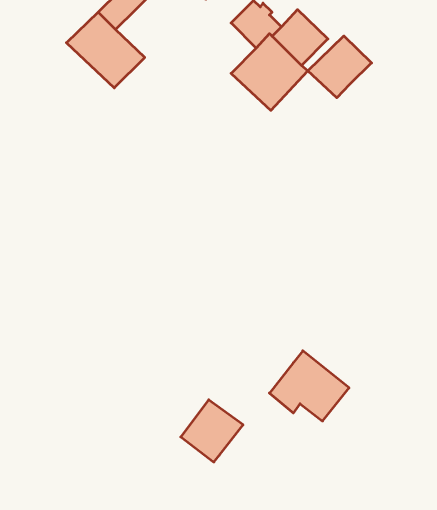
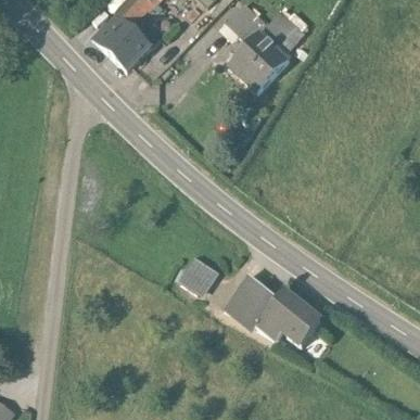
building: [308,36,372,98] -> none
building: none -> [180,258,217,296]
building: [181,400,243,462] -> [226,278,277,329]

